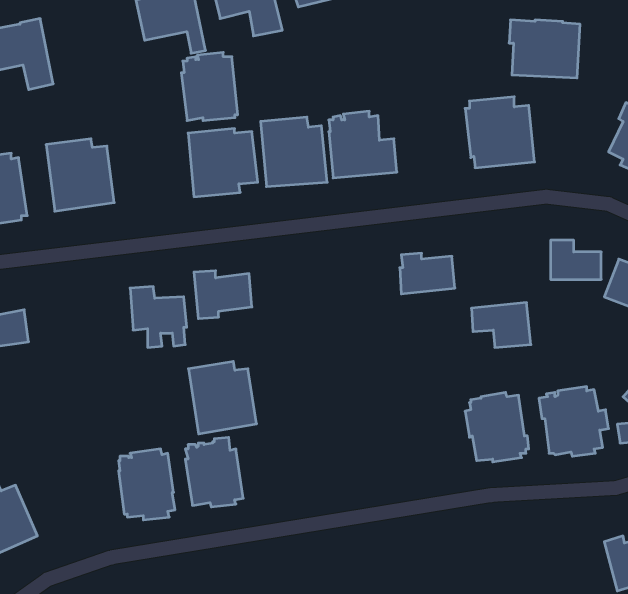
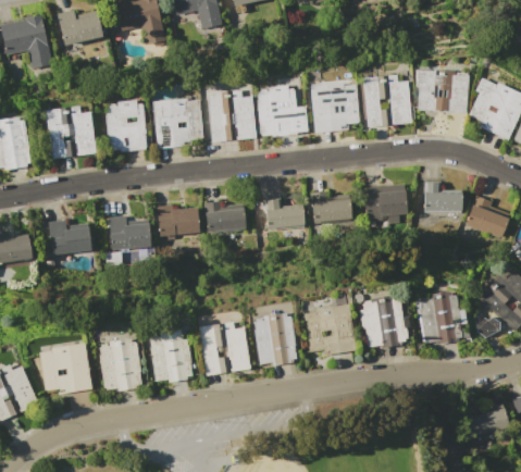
building: none -> [58,10,104,46]
building: [509,20,580,78] -> [414,70,468,113]
building: [181,52,238,121] -> [106,100,148,151]
building: none -> [310,82,359,133]
building: none -> [265,198,307,228]
building: none -> [204,201,246,232]
building: none -> [48,220,91,256]
building: [471,303,531,347] -> [363,183,408,216]
building: [188,361,257,434] -> [199,322,250,376]
building: none -> [303,303,357,356]
building: none -> [255,312,298,364]
building: none -> [39,343,92,395]

